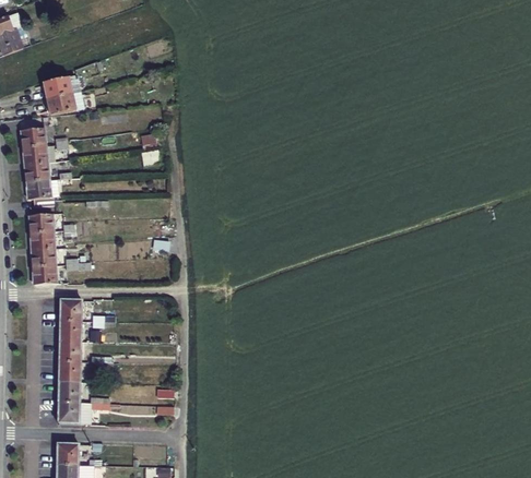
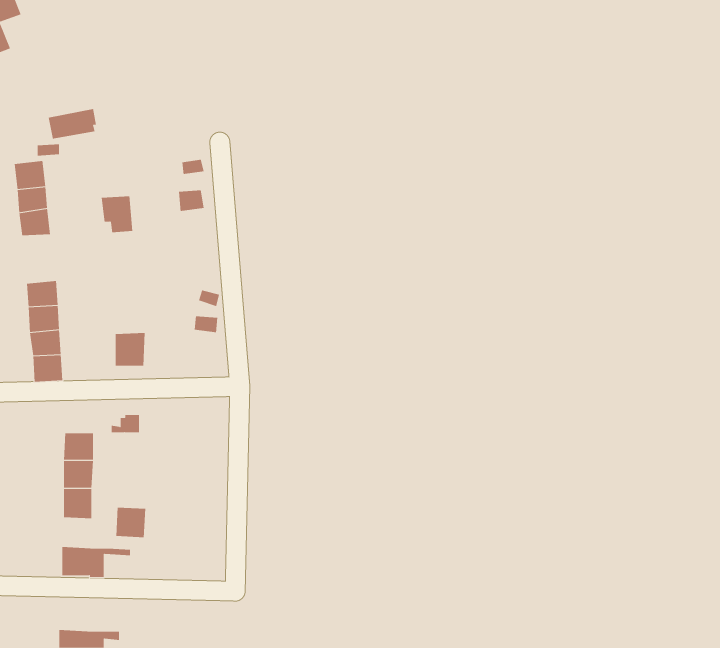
building: [43,75,80,99] -> none
building: [28,182,51,208] -> [101,196,133,233]
building: [59,299,81,323] -> [115,332,146,366]
building: [57,383,79,405] -> [115,507,146,538]
building: [55,443,76,464] -> none

